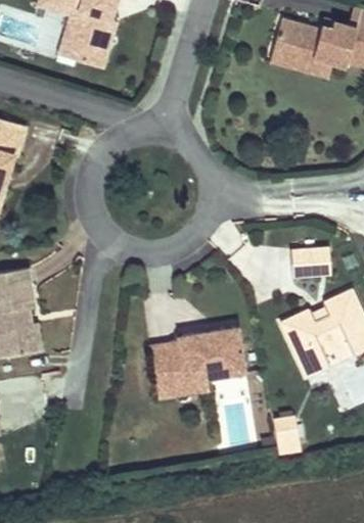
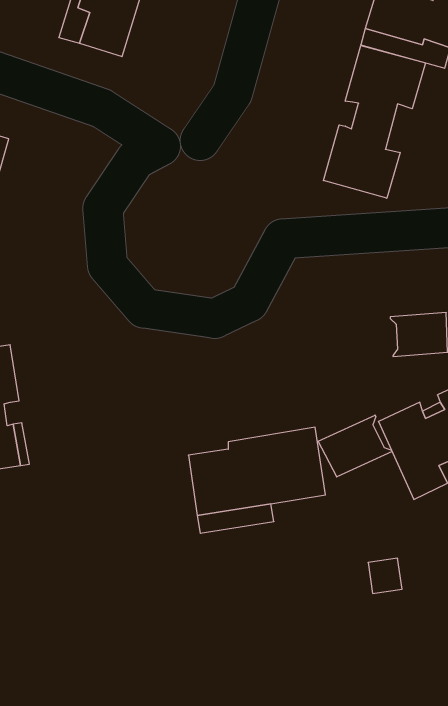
building: none -> [323,46,425,198]
building: none -> [318,415,392,477]

